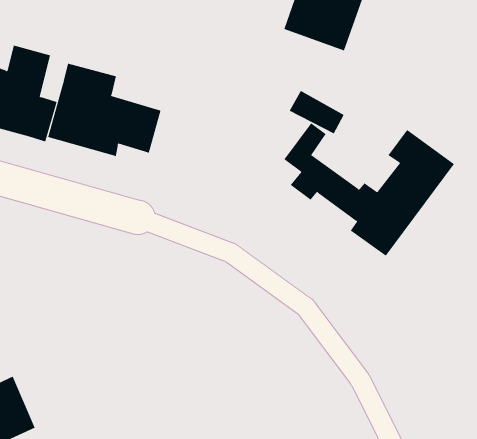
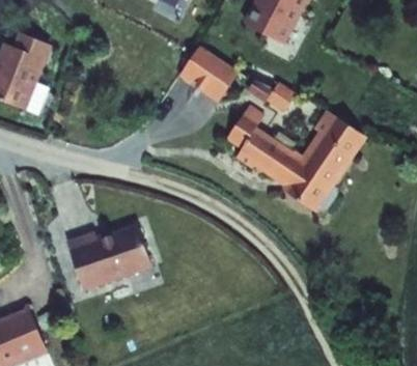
building: none -> [192,51,249,102]
building: [47,63,161,157] -> none
building: none -> [55,220,145,289]

